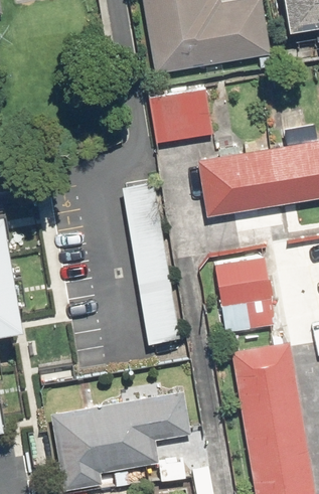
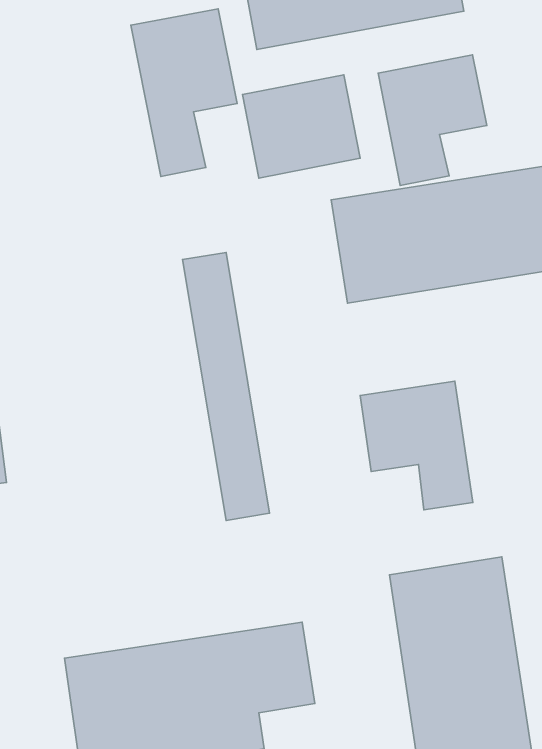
building: none -> [131,9,237,177]
building: none -> [378,55,487,186]

